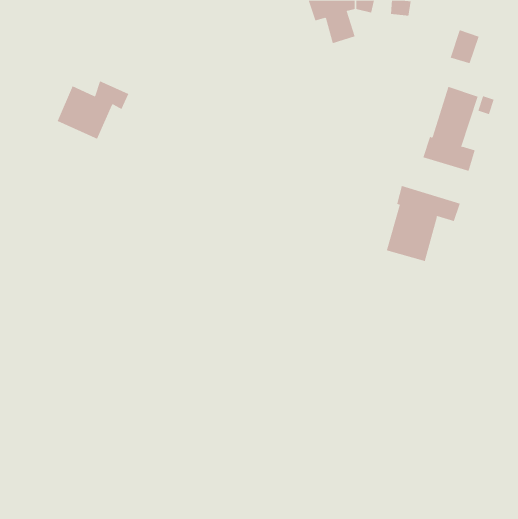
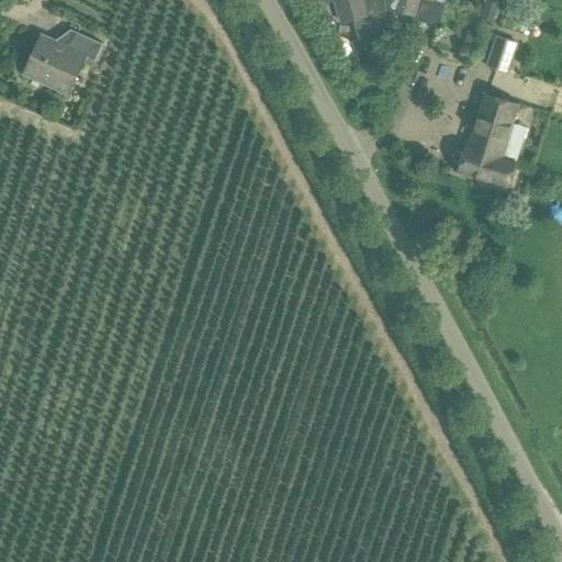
building: [57,81,129,139] -> [23,30,101,93]
building: [386,185,460,262] -> none

